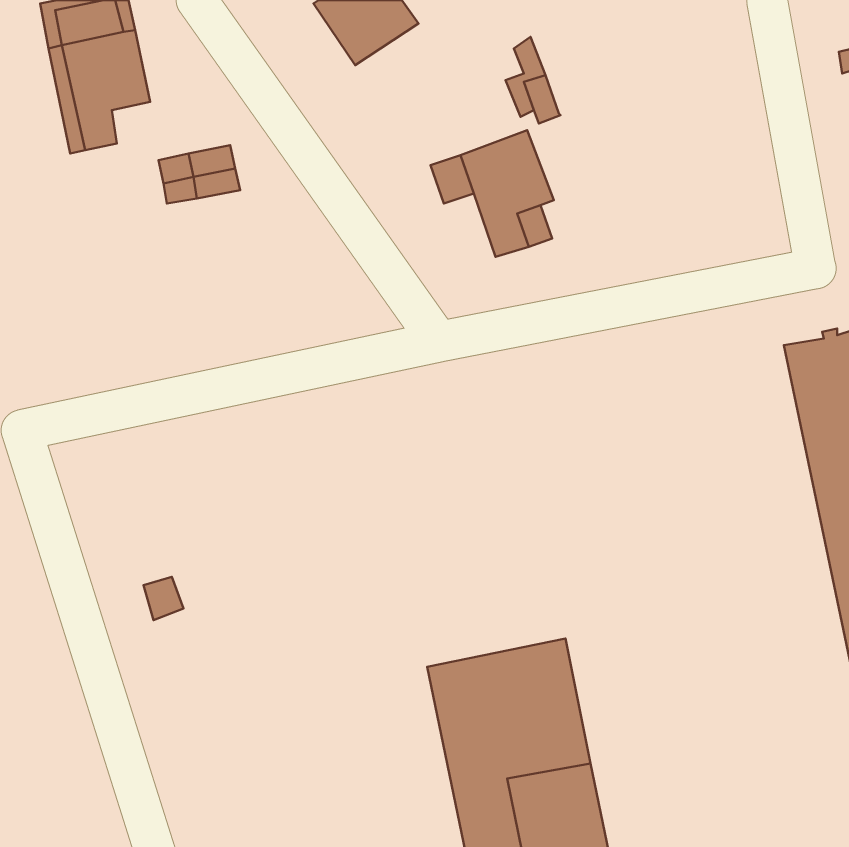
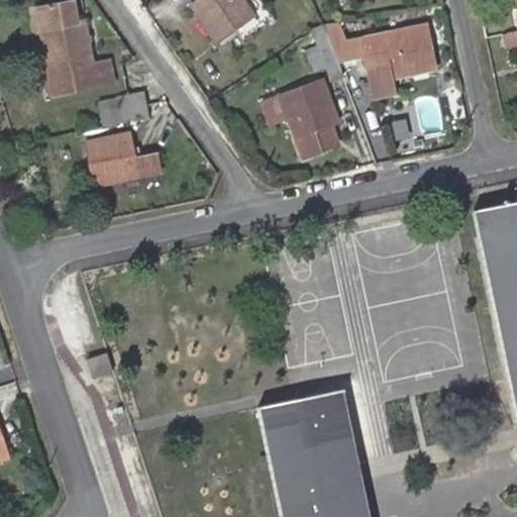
building: none -> [331,21,436,97]
building: none -> [70,62,114,90]
building: none -> [84,134,159,187]

